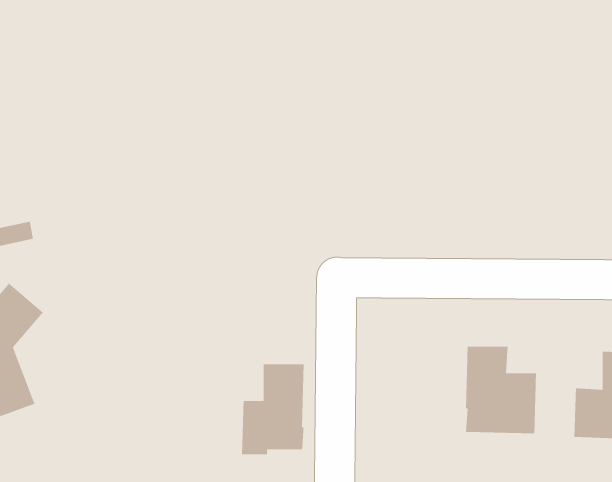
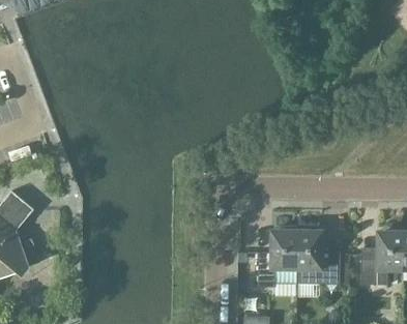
building: [241,363,304,455] -> [256,230,295,287]

